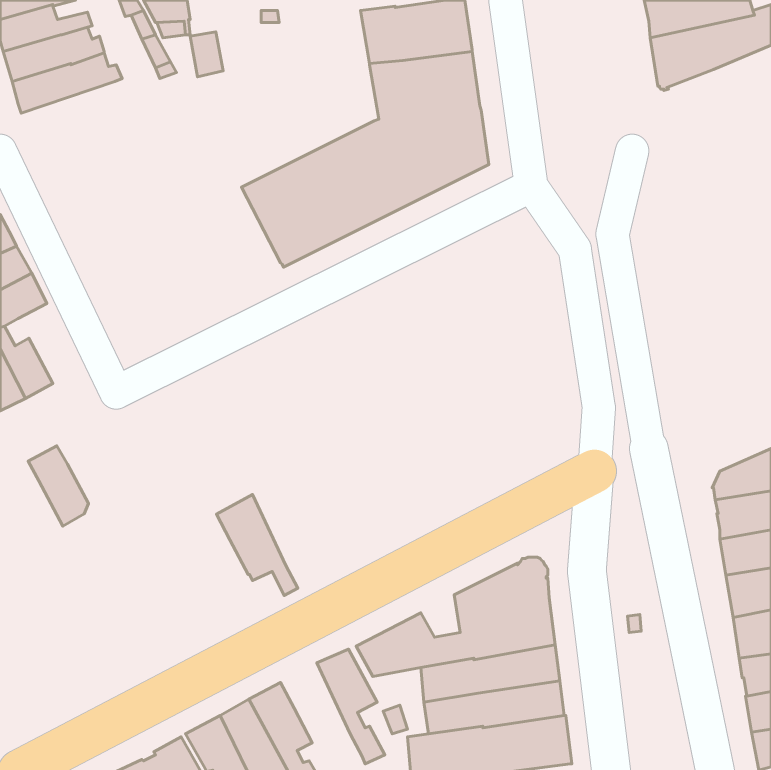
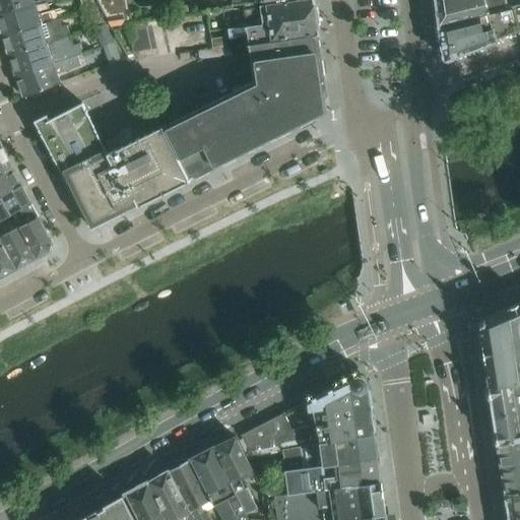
building: none -> [14,56,80,98]
building: none -> [36,104,190,229]
building: [28,446,89,526] -> [12,205,53,259]
building: [216,494,298,596] -> [189,447,244,515]

